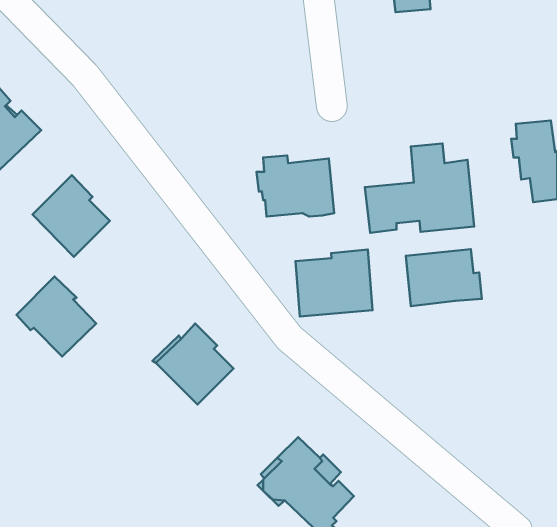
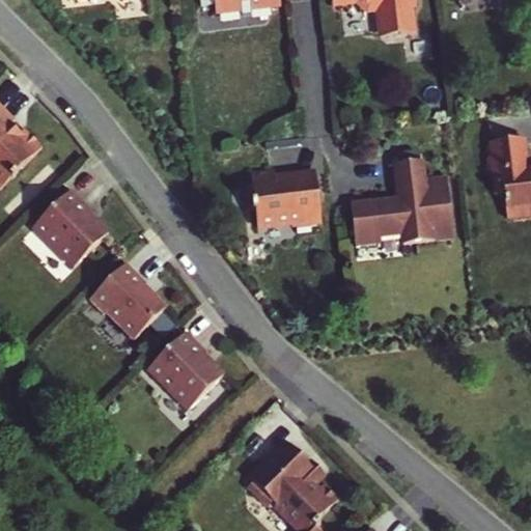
building: [406,249,482,306] -> none
building: [295,249,372,317] -> none
building: [16,277,96,356] -> [91,261,167,337]

